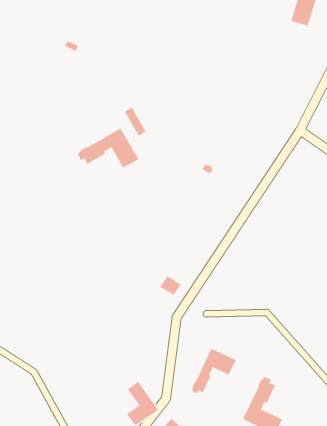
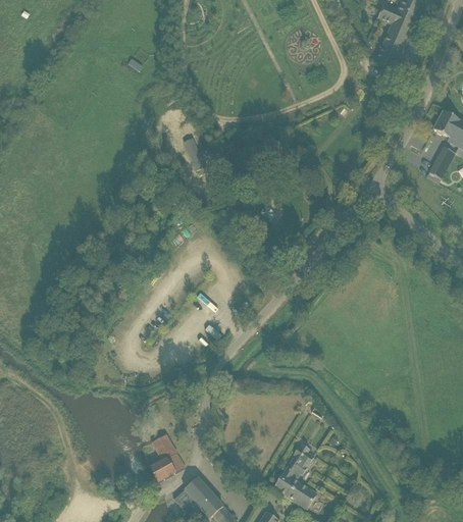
building: [77,127,139,169] -> none
building: [191,348,237,394] -> none

